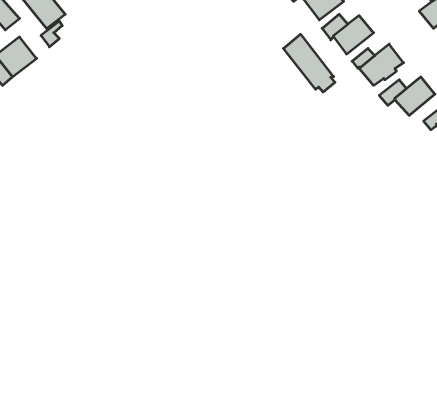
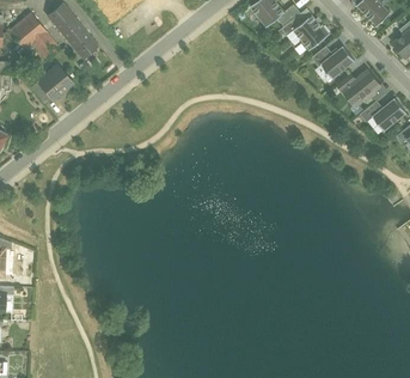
building: [283,34,335,92] -> none

